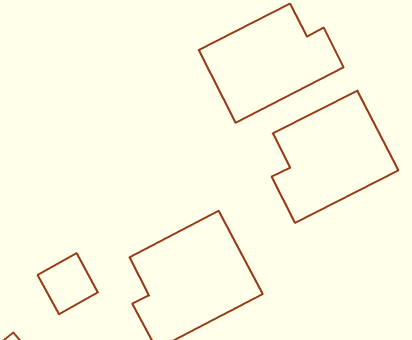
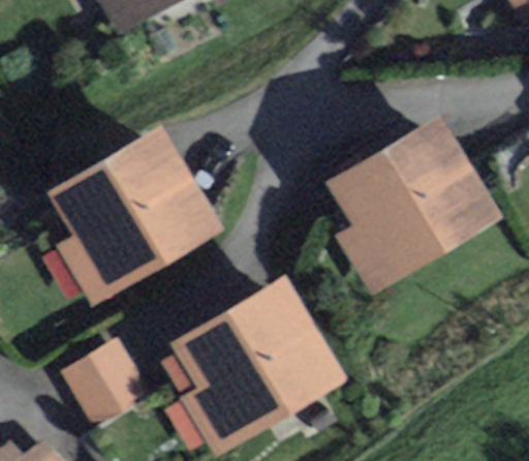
building: [199,4,343,123] -> none
building: none -> [60,132,214,297]

